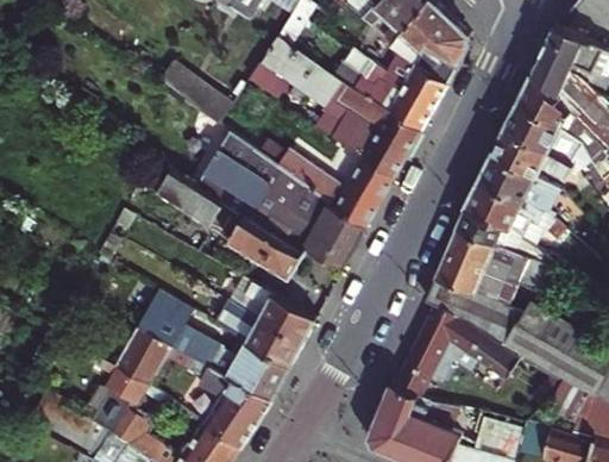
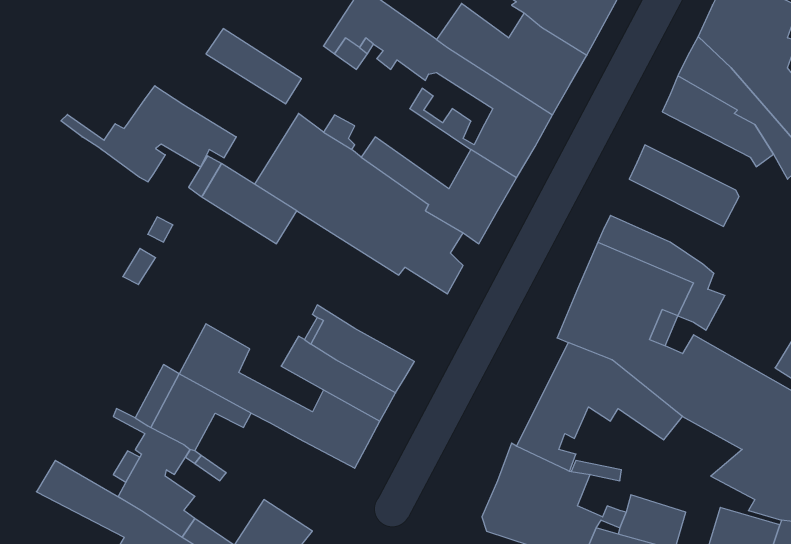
building: [322,99,376,154] -> none
building: none -> [61,86,236,182]
building: [491,129,571,176] -> none
building: [465,180,565,244] -> none
building: [212,204,304,277] -> none
building: [196,364,271,447] -> none

